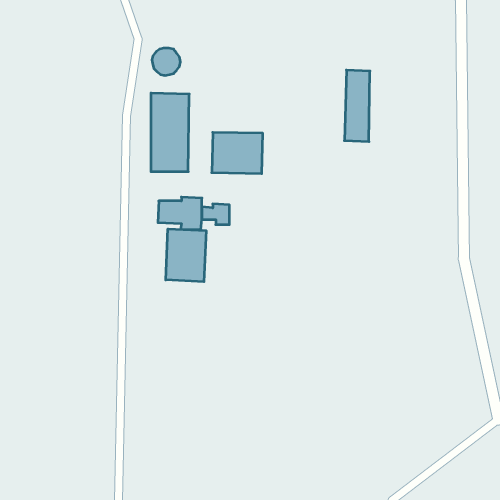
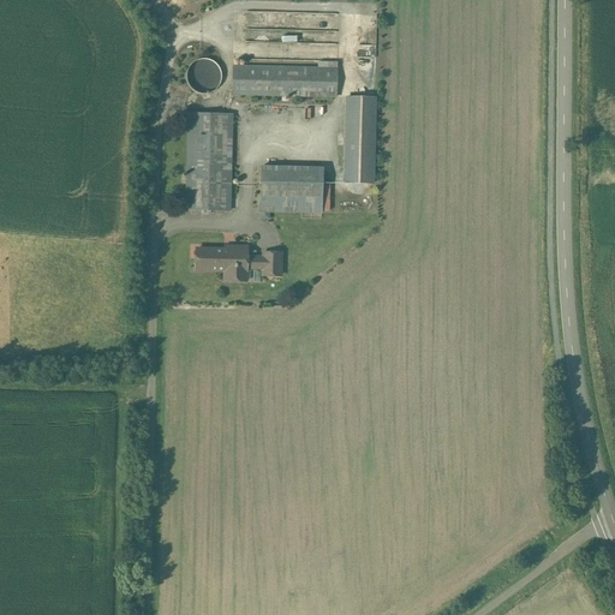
building: none -> [234,55,336,95]
building: [344,70,370,142] -> [345,95,376,183]
building: [166,229,206,282] -> none

